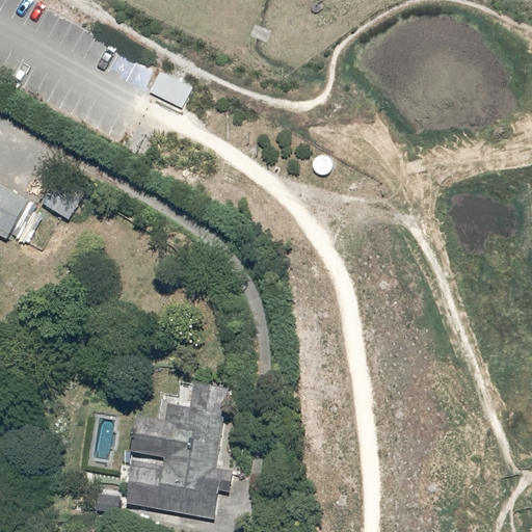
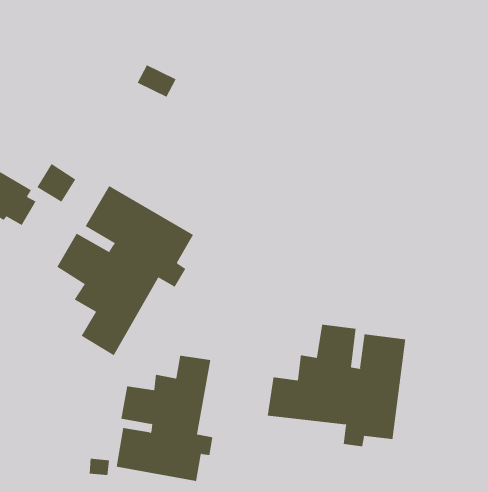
building: none -> [56,185,194,356]
building: none -> [267,324,406,447]

